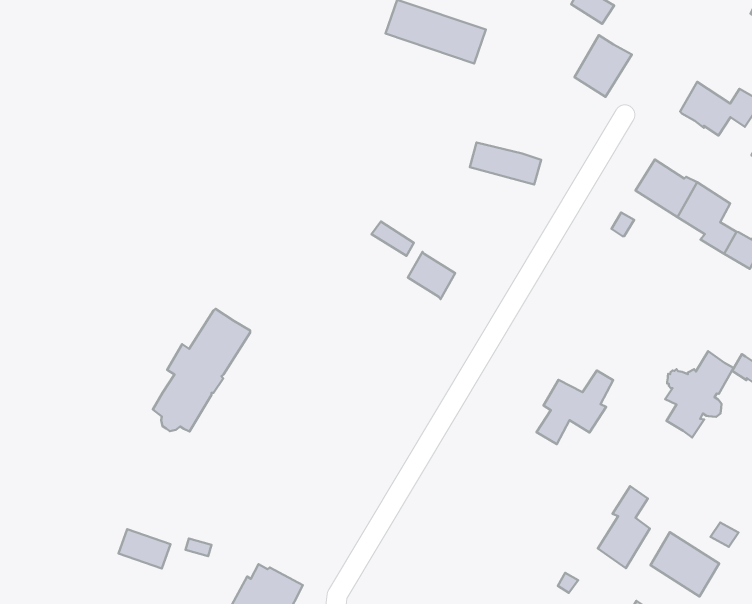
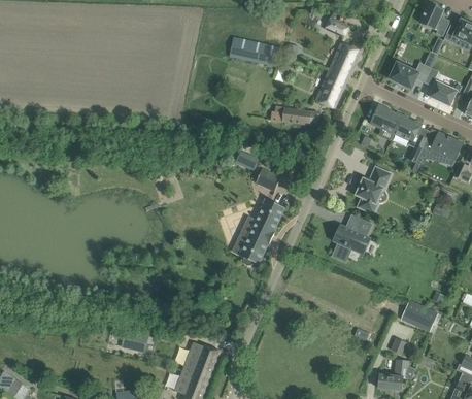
building: none -> [316,66,348,107]
building: [153,309,250,431] -> [238,197,284,264]
building: [665,351,734,438] -> [356,166,390,212]
building: [598,486,650,568] -> none

